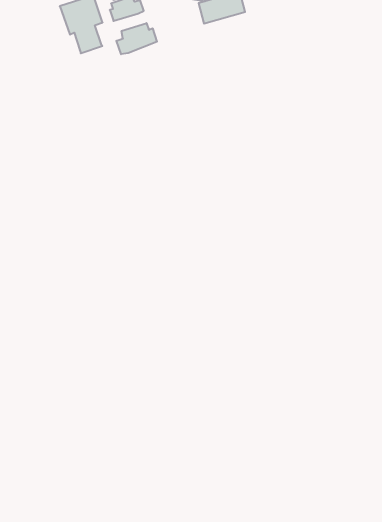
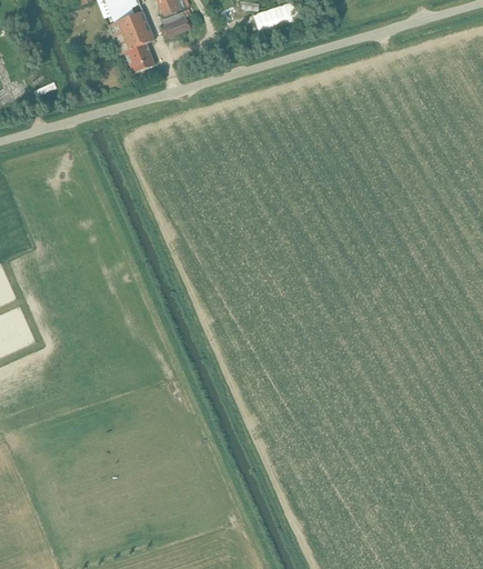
building: [116,23,157,54] -> none

